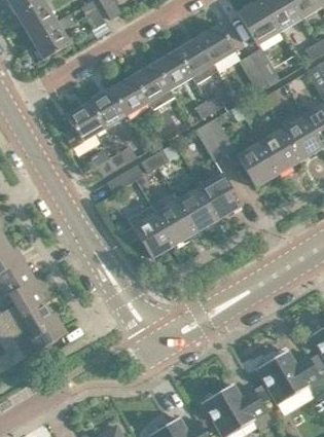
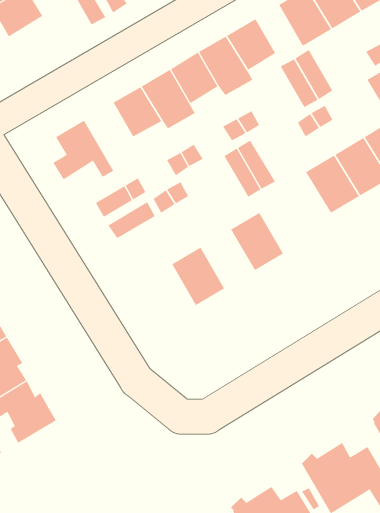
building: [30,14,74,60] -> none
building: [88,88,125,129] -> none
building: [236,142,278,187] -> none
building: [178,179,219,231] -> none
building: [133,213,174,258] -> none

